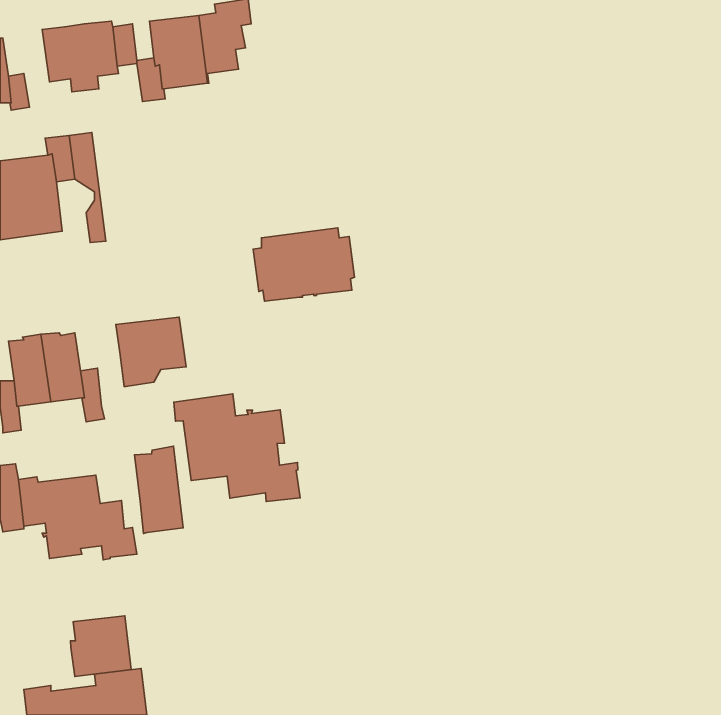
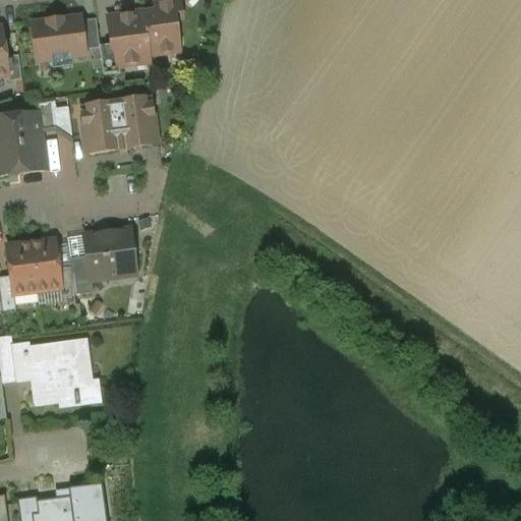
building: [253,228,355,301] -> [81,98,155,151]
building: none -> [69,254,93,293]
building: [174,394,300,502] -> none
building: [135,446,183,534] -> none
building: [70,616,131,677] -> none

